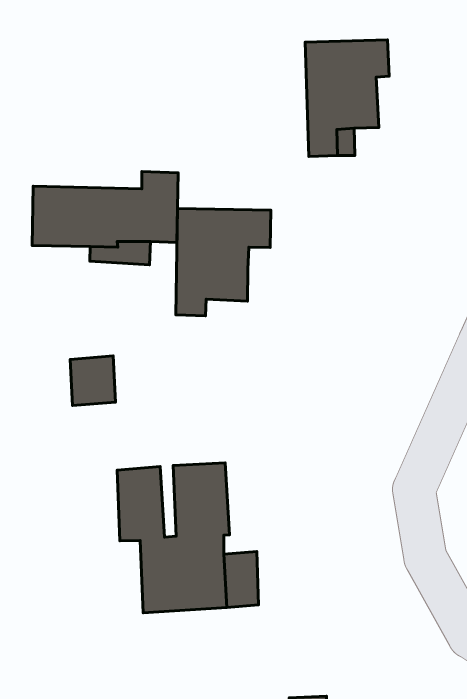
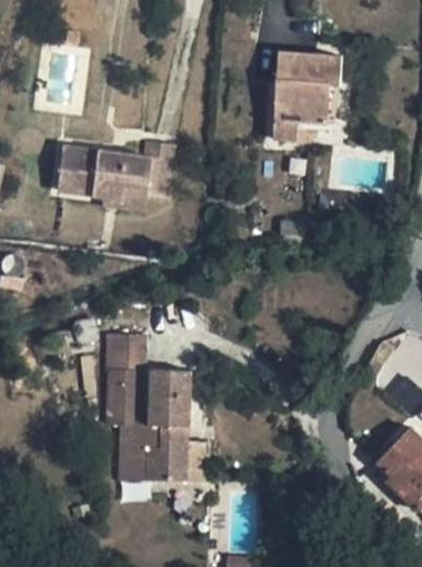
building: [176,209,271,316] -> none
building: [70,356,116,406] -> [107,333,141,368]

